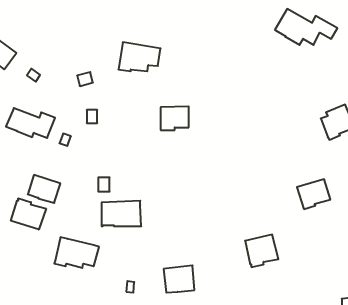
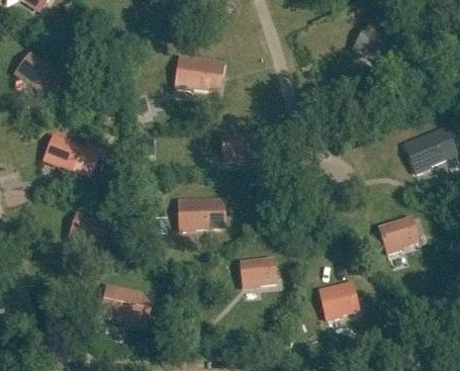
building: [11,198,46,230] -> none
building: [102,201,141,226] -> [179,198,224,227]
building: [164,265,194,293] -> [240,254,275,285]

